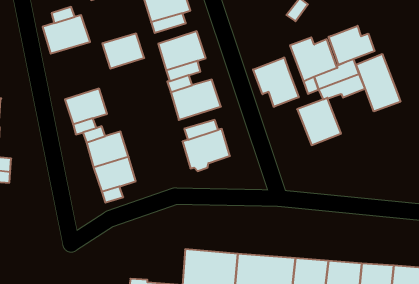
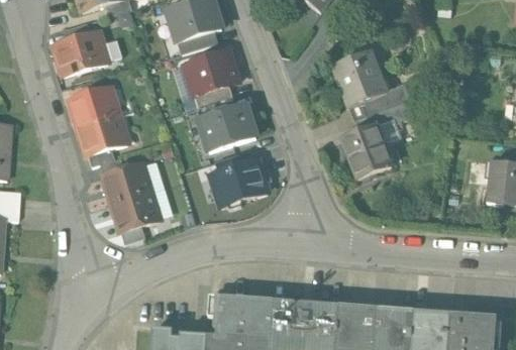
building: [329,26,375,65] -> none
building: [102,34,144,69] -> [71,88,118,127]
building: [356,54,400,111] -> none
building: [253,57,299,107] -> none

